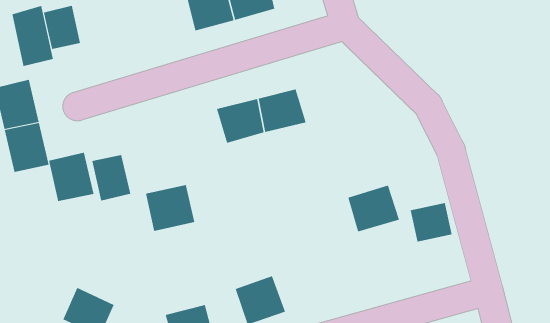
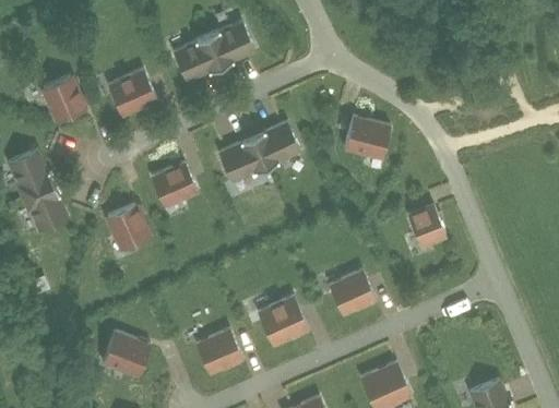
building: [12,5,53,67] -> none
building: none -> [108,69,157,115]
building: none -> [345,113,391,157]
building: [48,152,94,202] -> none
building: [145,184,195,231] -> [145,161,195,209]
building: [348,185,400,232] -> [331,267,382,315]

